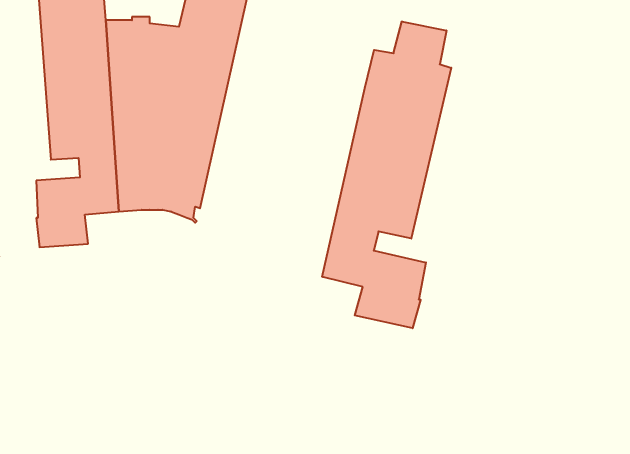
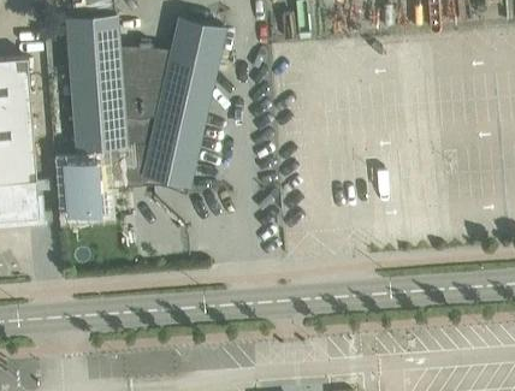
building: [322,21,451,328] -> none

